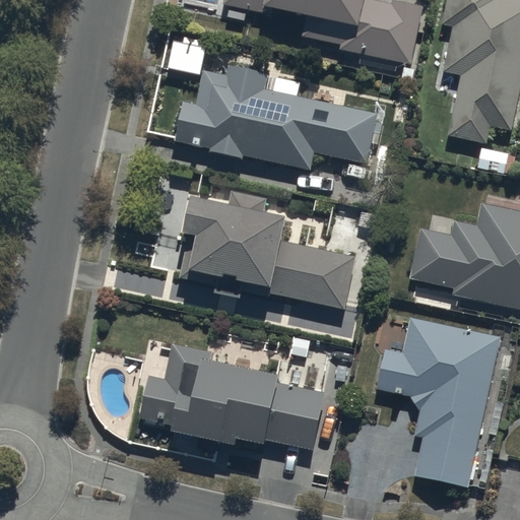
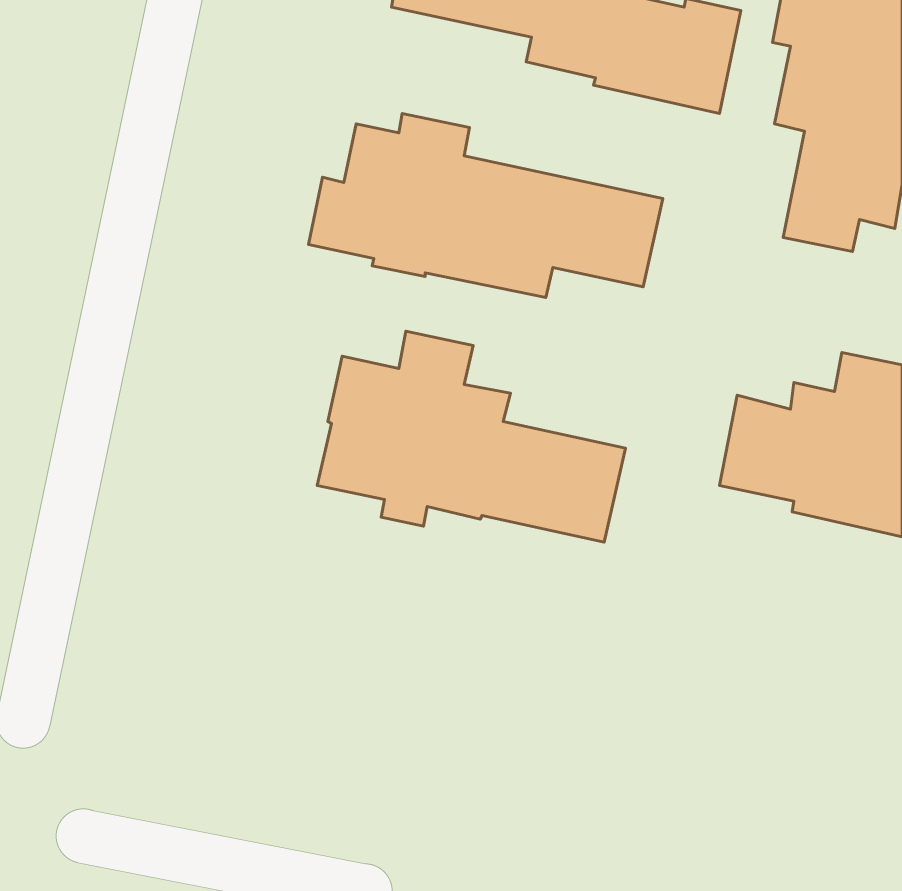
building: [374,313,499,483] -> none
building: [136,341,324,448] -> none

